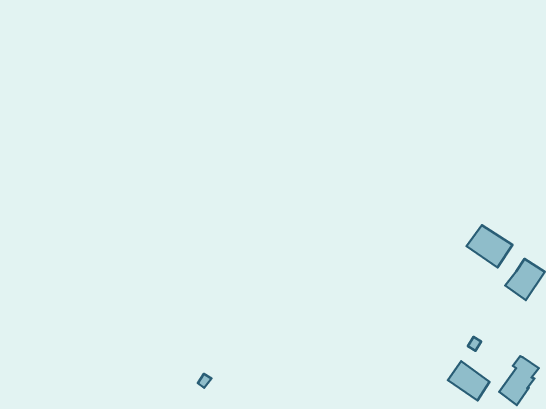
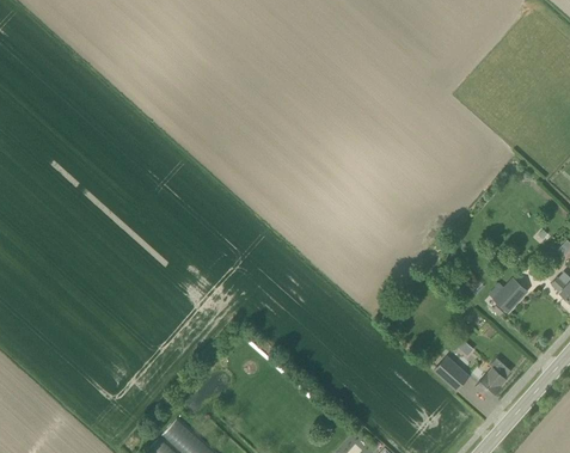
building: [466,225,512,267] -> none

